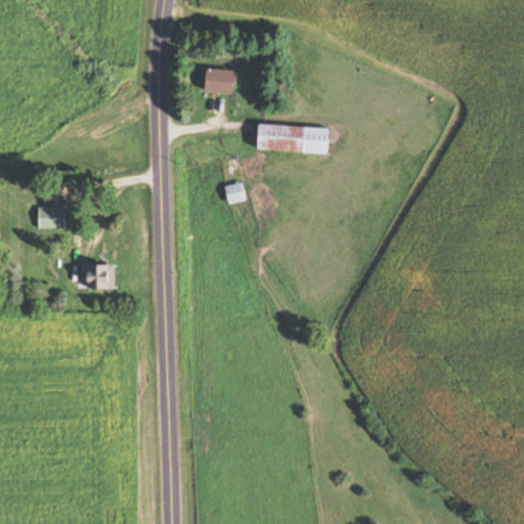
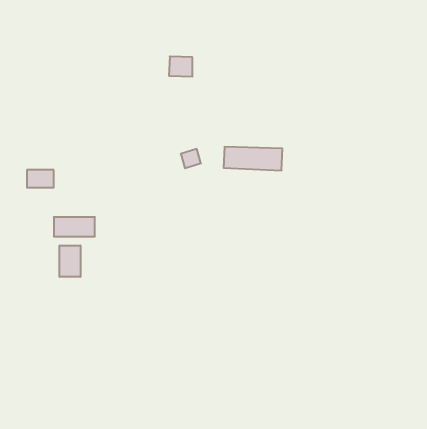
building: [258,125,330,154] -> [224,147,282,170]
building: none -> [60,245,80,277]

